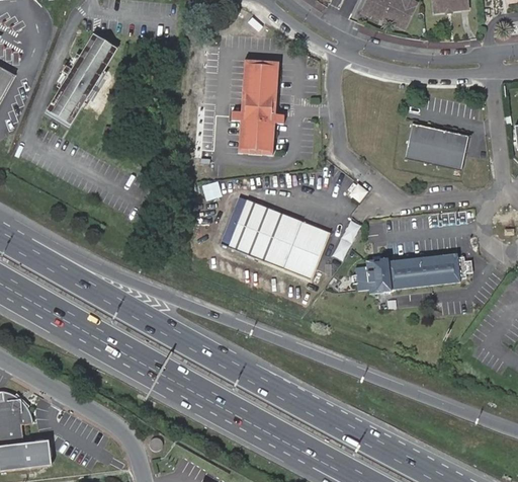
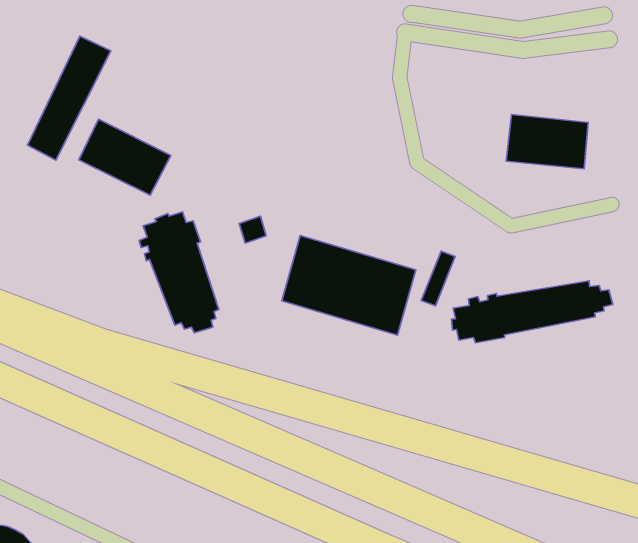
building: [232,61,286,154] -> none
building: none -> [79,119,171,195]
building: none -> [139,212,219,333]

